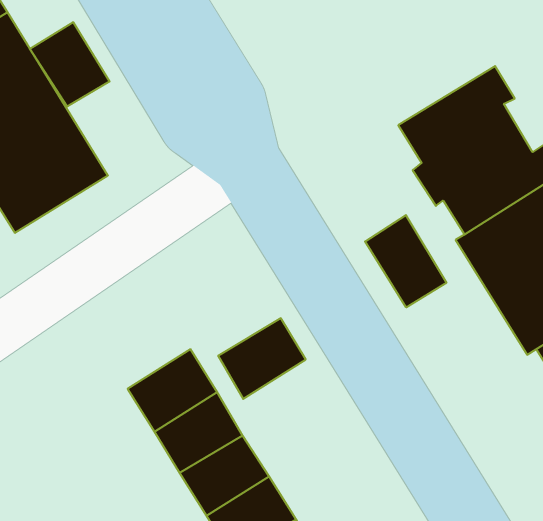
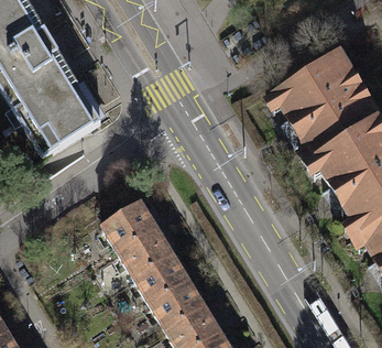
building: [30,22,110,106] -> none
building: [365,215,446,307] -> none
building: [218,318,306,399] -> [98,198,152,248]

